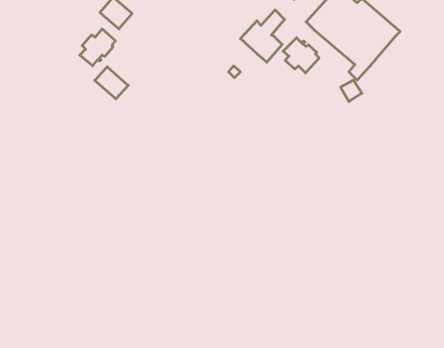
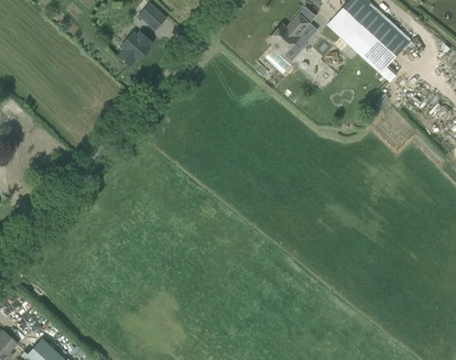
building: [283,38,319,73] -> none
building: [95,67,128,99] -> none

